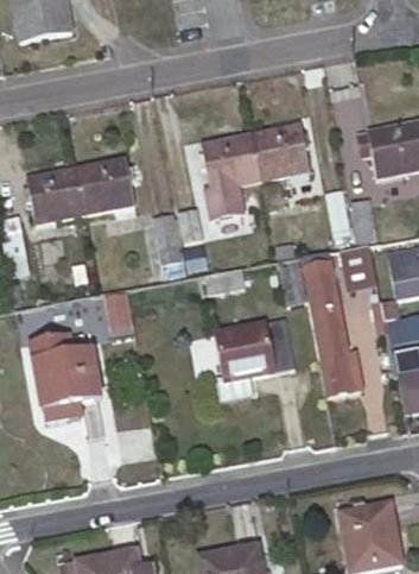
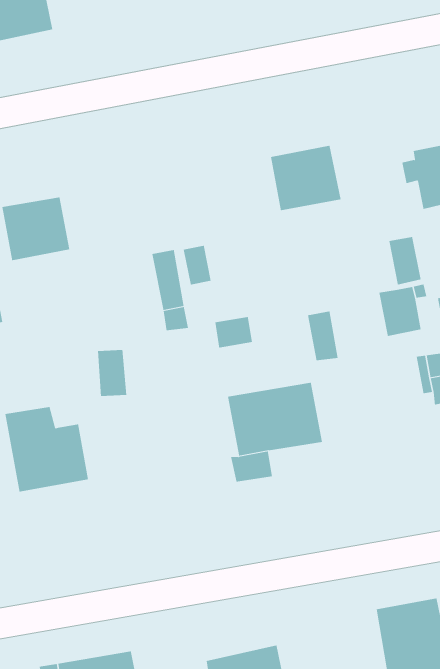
building: [198,134,259,219] -> none
building: [76,157,134,212] -> none
building: [303,250,360,392] -> none

